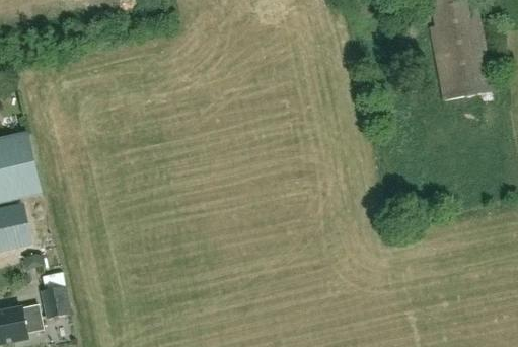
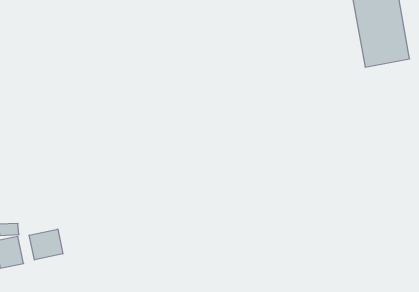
building: none -> [29,229,63,260]

